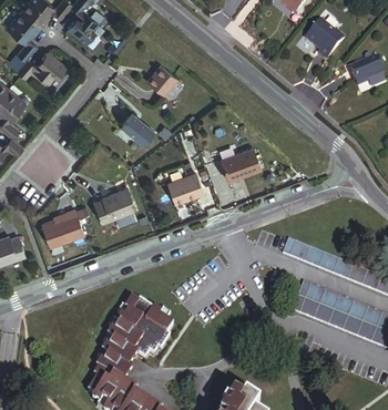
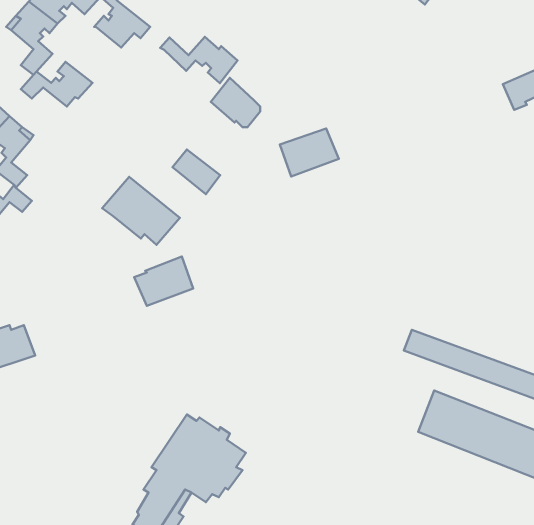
building: [306,20,345,59] -> none
building: none -> [160,37,237,83]
building: none -> [102,177,180,245]
building: [222,147,263,181] -> [280,129,339,176]
building: [169,172,204,203] -> none
building: [43,208,85,247] -> none

